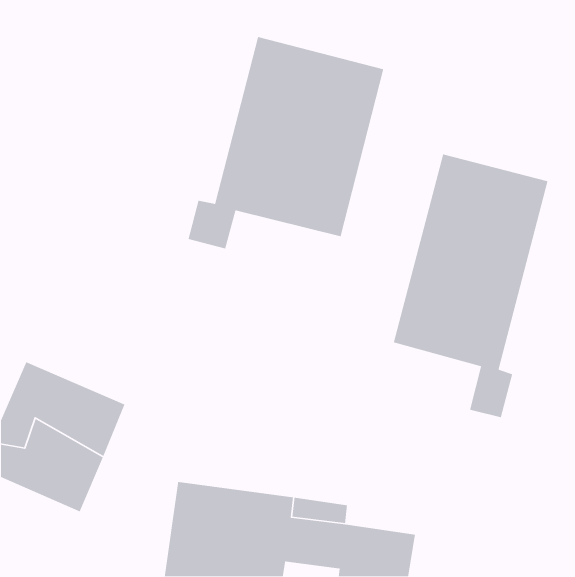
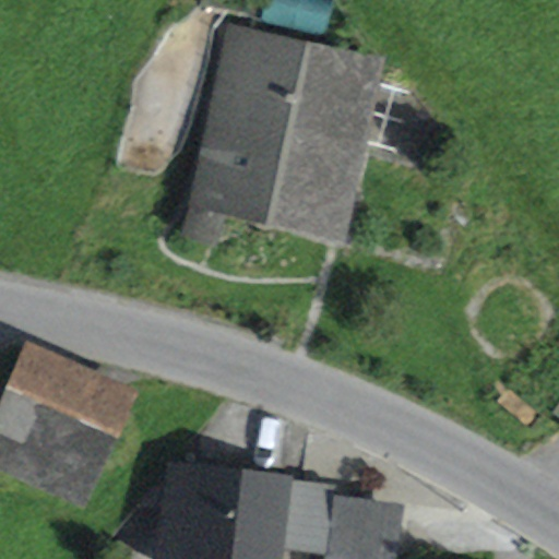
building: [393,154,548,418] -> none

